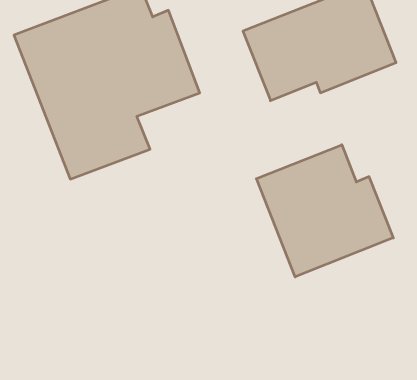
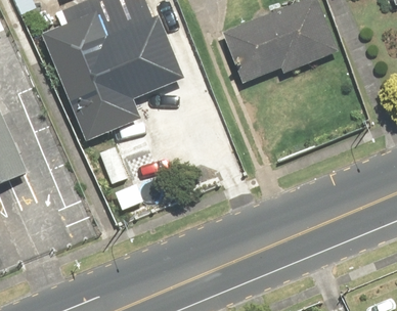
building: [256,145,393,277] -> none

